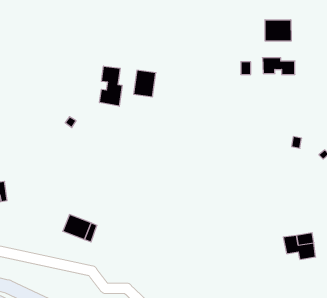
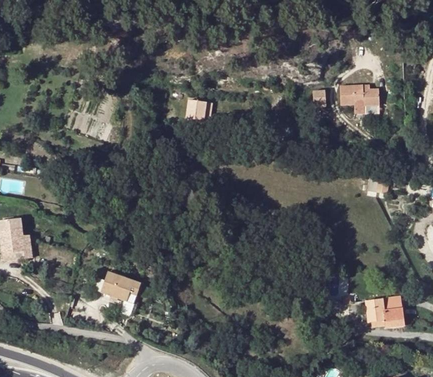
building: [265,20,291,41] -> none
building: [100,66,122,106] -> none

